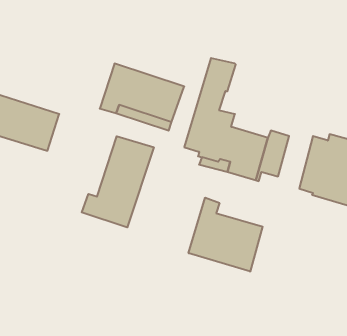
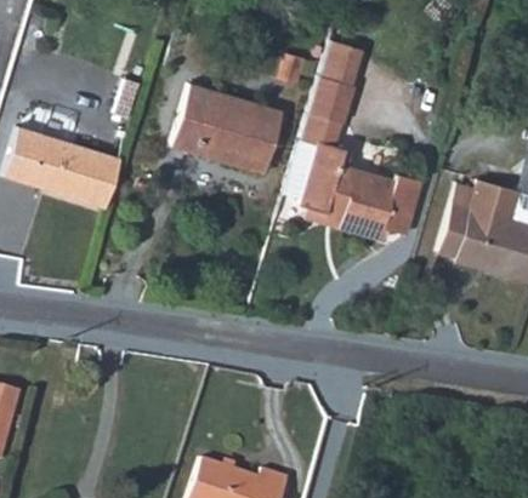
building: none -> [319,44,362,87]
building: [82,136,154,227] -> none
building: [189,198,263,272] -> none

